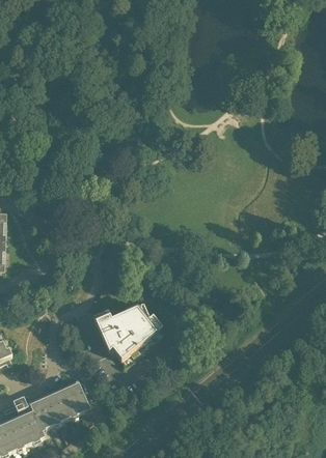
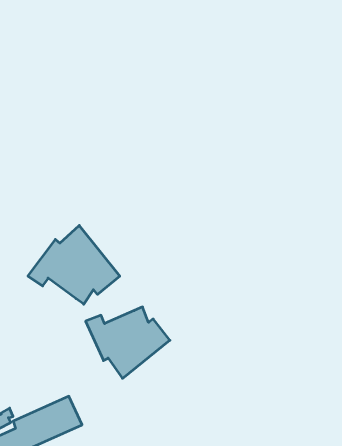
building: none -> [28,225,120,304]

